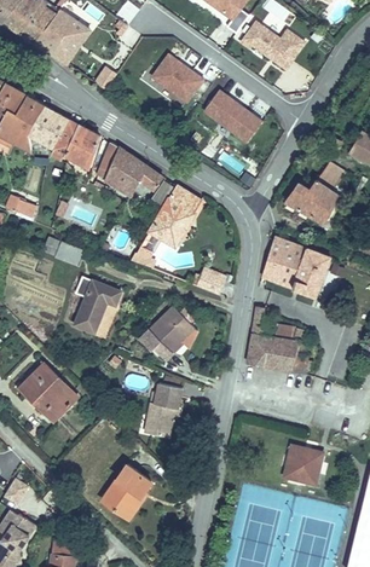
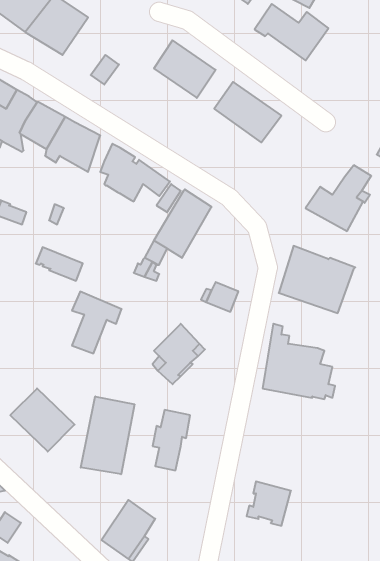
building: none -> [81,396,134,474]
building: [283,445,323,485] -> [247,481,291,526]

